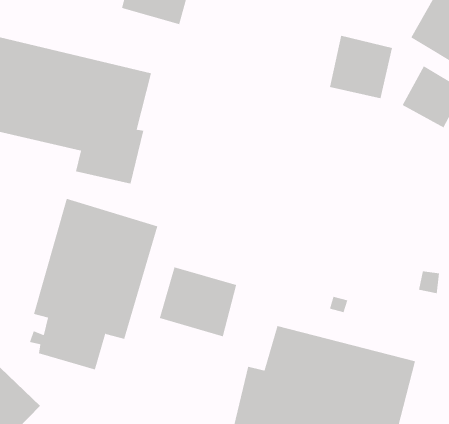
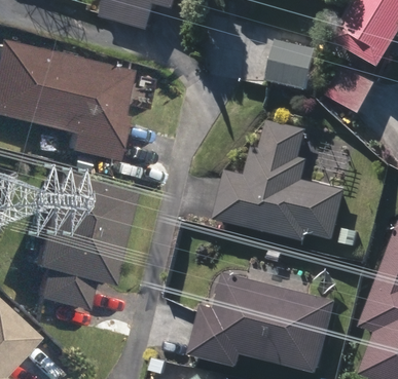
building: none -> [214,120,346,240]
building: [159,266,237,337] -> none

